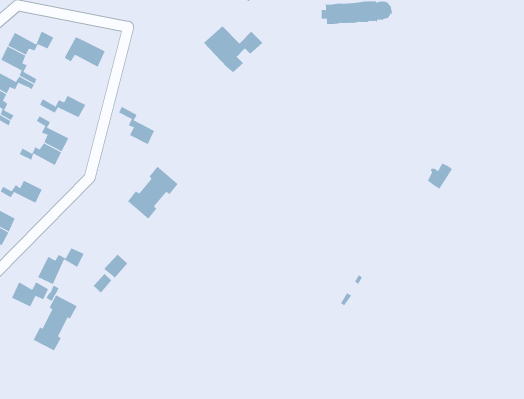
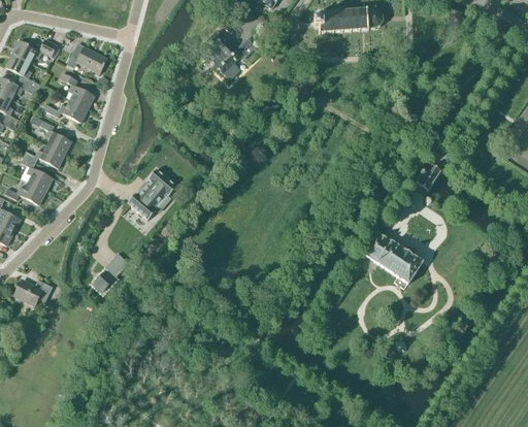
building: [118,106,155,145] -> [59,72,94,109]
building: none -> [20,157,53,191]
building: none -> [362,232,422,284]
building: [38,248,84,285] -> none
building: [33,295,77,351] -> none

